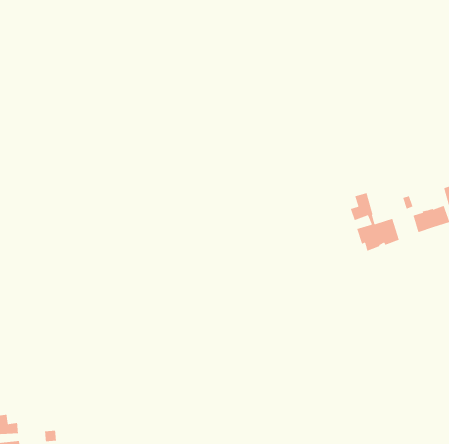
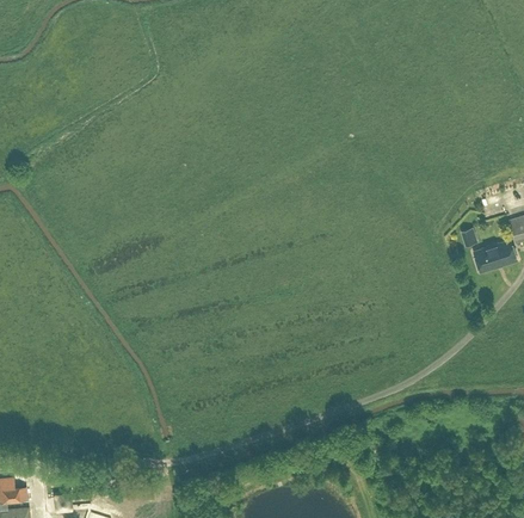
building: [350,192,400,252] -> none

